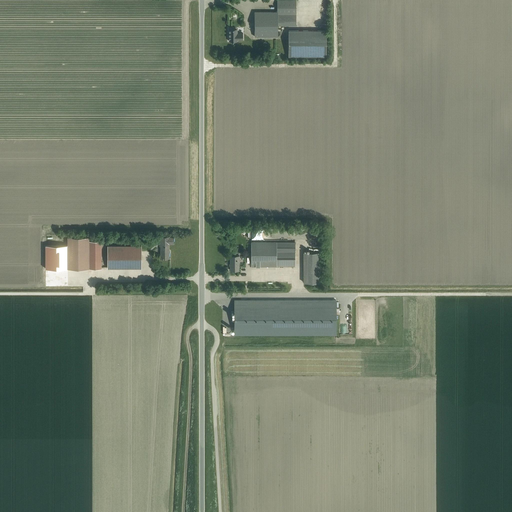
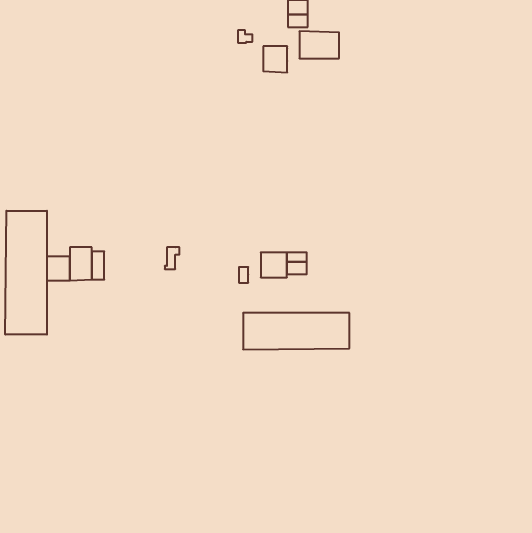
building: [253,12,276,37] -> [263,46,287,72]
building: none -> [5,211,47,335]
building: [107,246,140,268] -> none
building: [302,252,319,282] -> none

